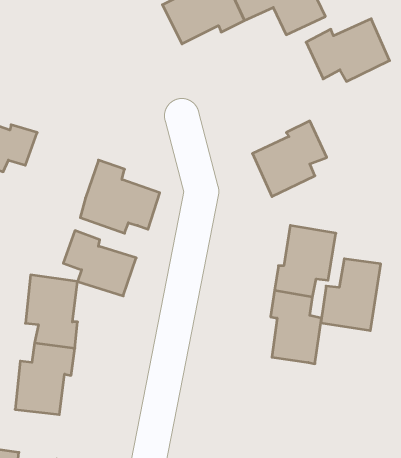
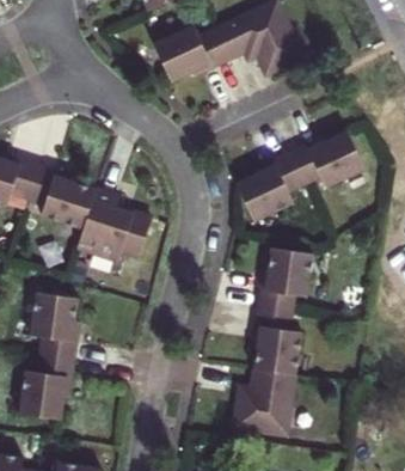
building: [306,19,390,81] -> [290,131,367,189]
building: [63,231,136,296] -> [30,164,97,224]
building: [321,259,381,331] -> [234,369,289,435]

